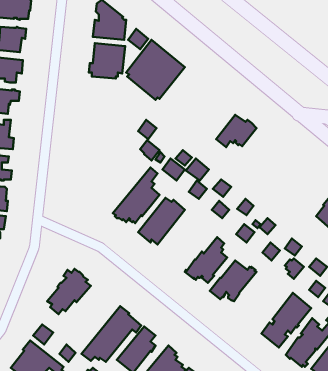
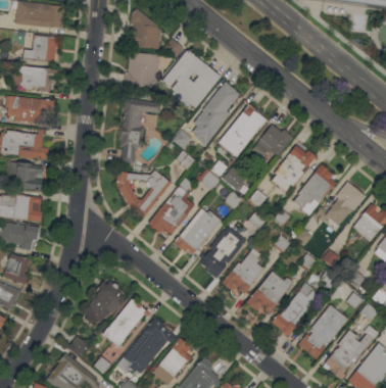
building: none -> [192,82,240,145]
building: none -> [119,99,161,163]
building: none -> [219,104,268,157]
building: none -> [272,145,316,192]
building: none -> [293,164,337,214]
building: none -> [116,169,171,219]
building: none -> [326,182,360,231]
building: none -> [200,226,245,279]
building: none -> [271,283,319,336]
building: none -> [102,299,150,347]

